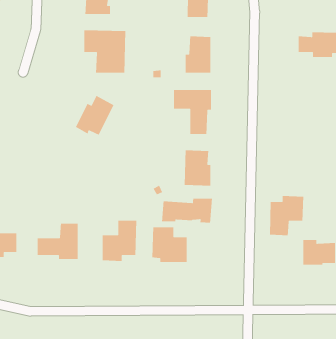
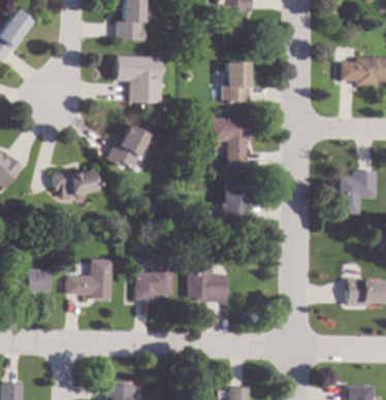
building: none -> [53,169,100,198]
building: [269,195,304,236] -> [340,170,377,213]
building: [161,198,213,223] -> none

